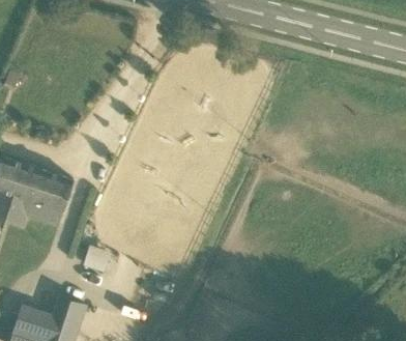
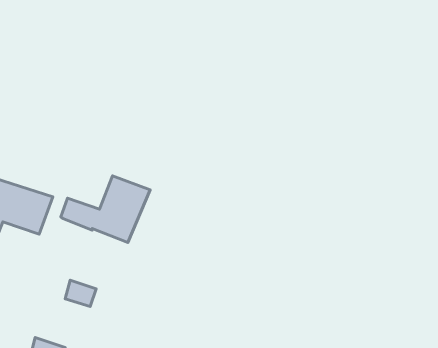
building: none -> [61,176,150,242]

